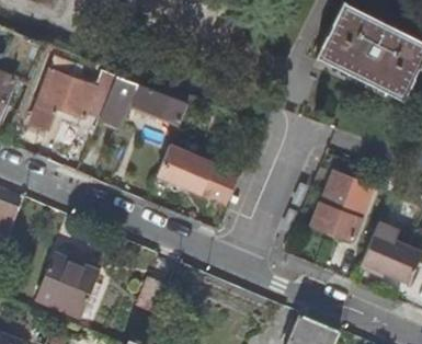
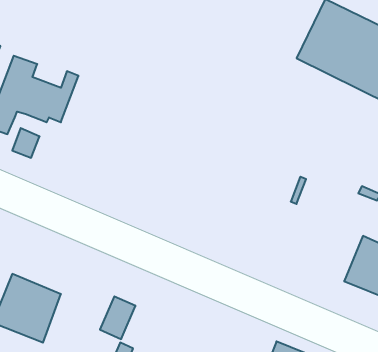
building: [99,72,187,124] -> none
building: [156,146,236,204] -> none
building: [312,169,370,237] -> none

